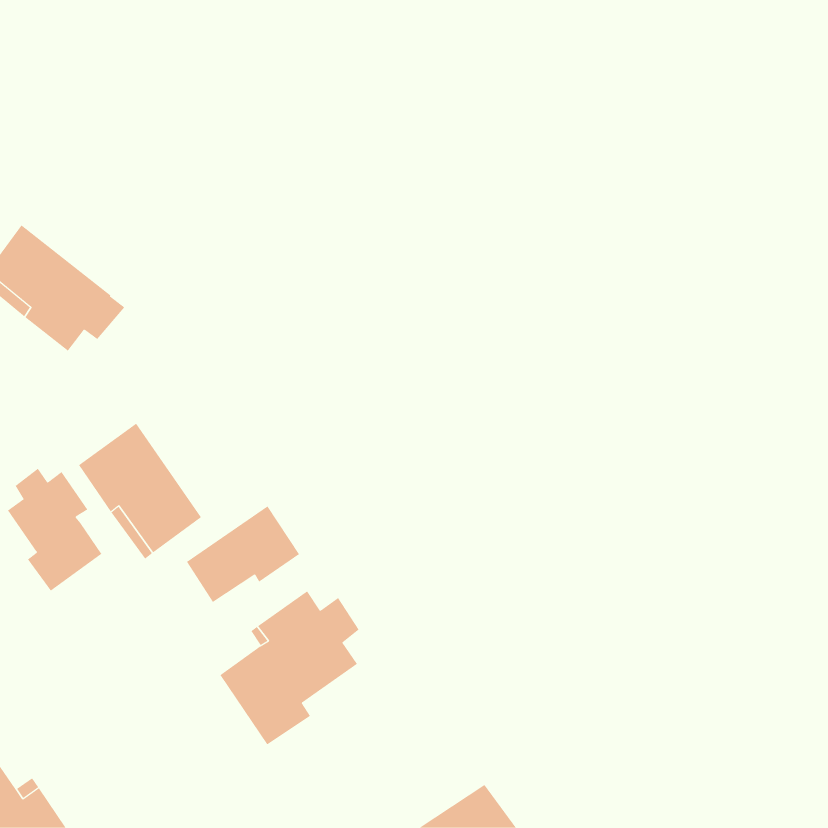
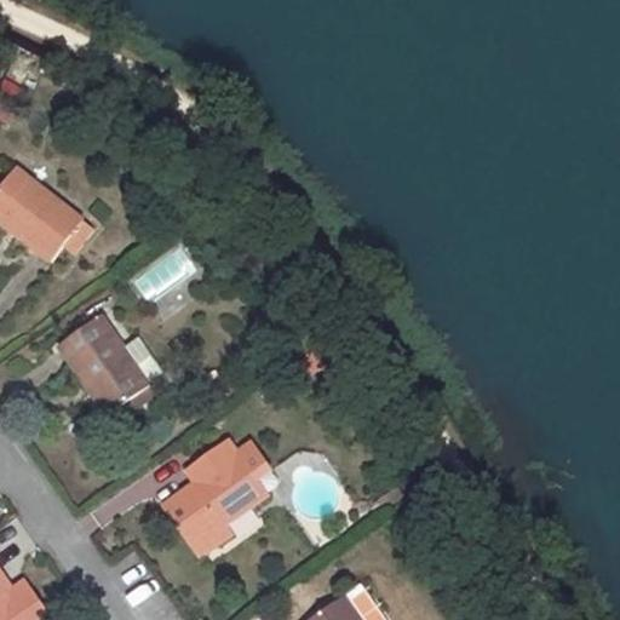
building: [7,468,102,591] -> none
building: [186,505,300,603] -> none

